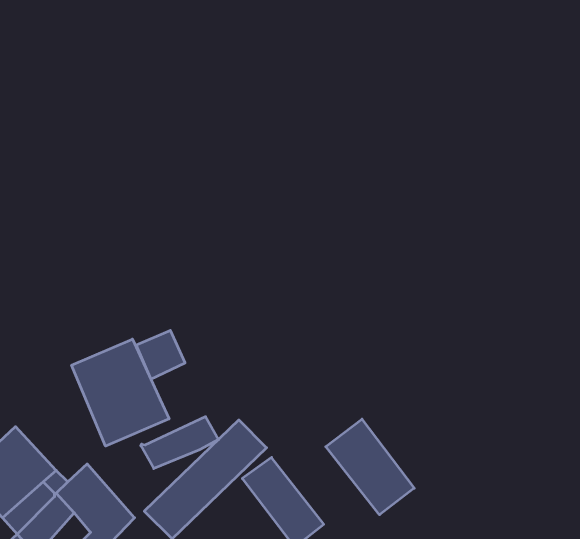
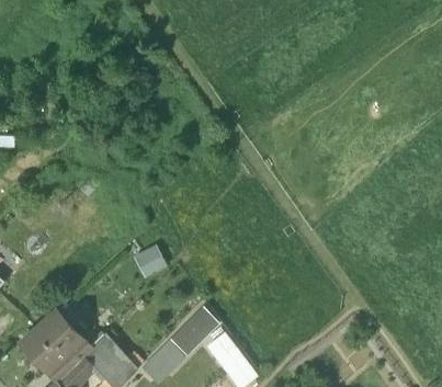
building: [72,339,169,446] -> none
building: [141,417,219,469] -> none
building: [326,419,414,515] -> none

